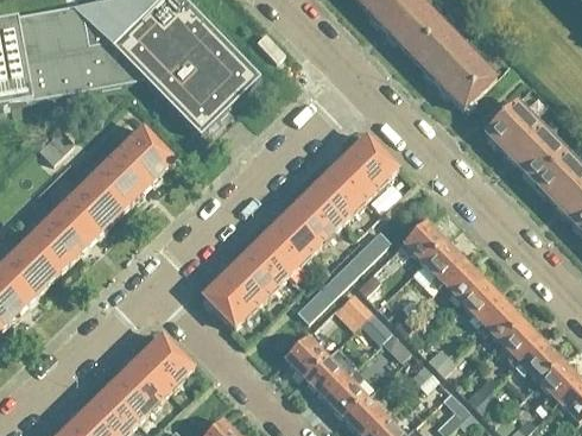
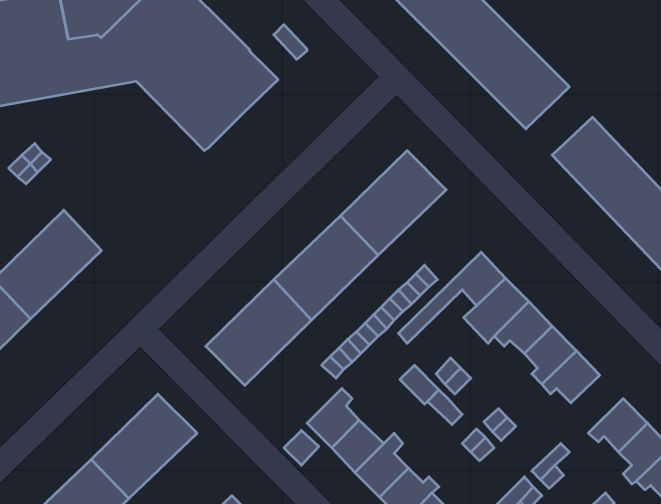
building: [86,126,176,215] -> none
building: [335,290,372,327] -> none
building: [501,317,544,365] -> none

